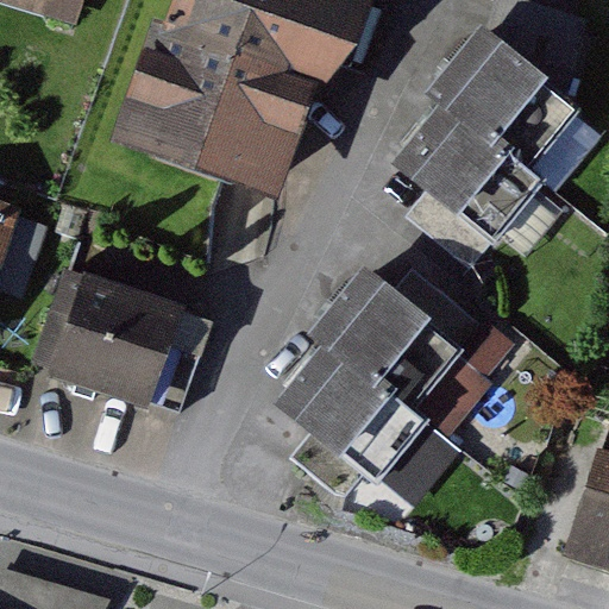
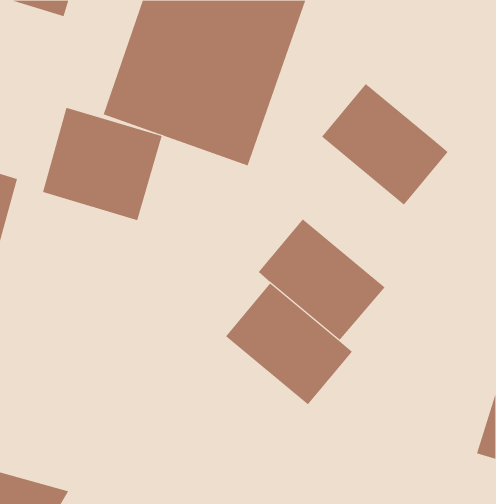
building: [426,25,579,172] -> none
building: [51,269,196,406] -> [42,107,163,221]

